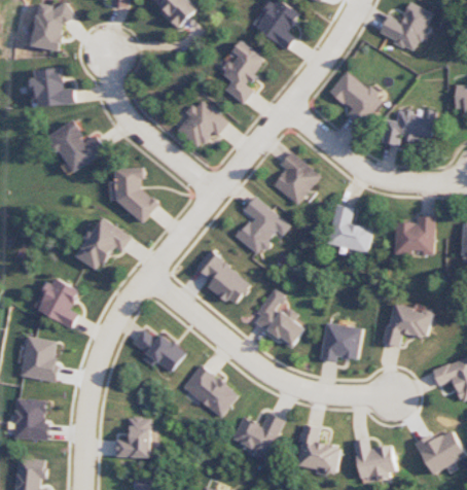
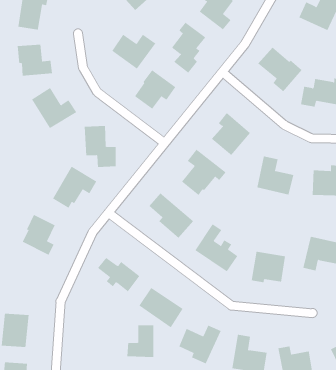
building: none -> [111,34,156,69]
building: [21,337,59,382] -> none
building: [115,418,149,458] -> [127,325,154,357]

